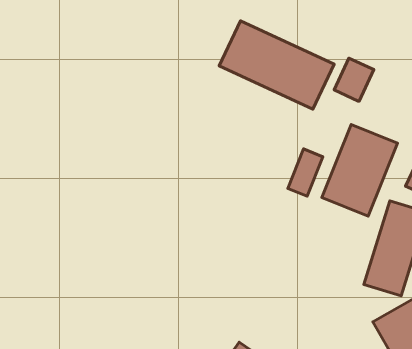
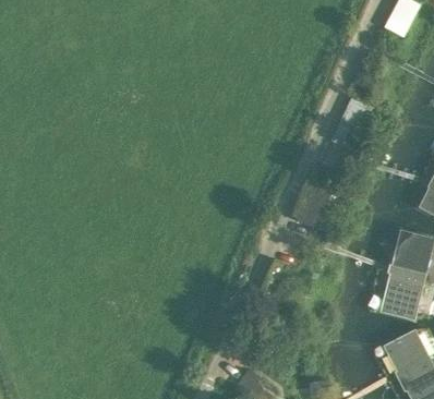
building: [219,21,334,109] -> none
building: [322,124,397,216] -> none

